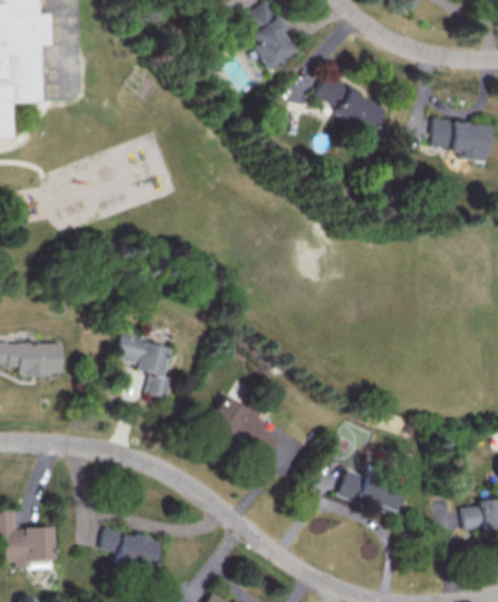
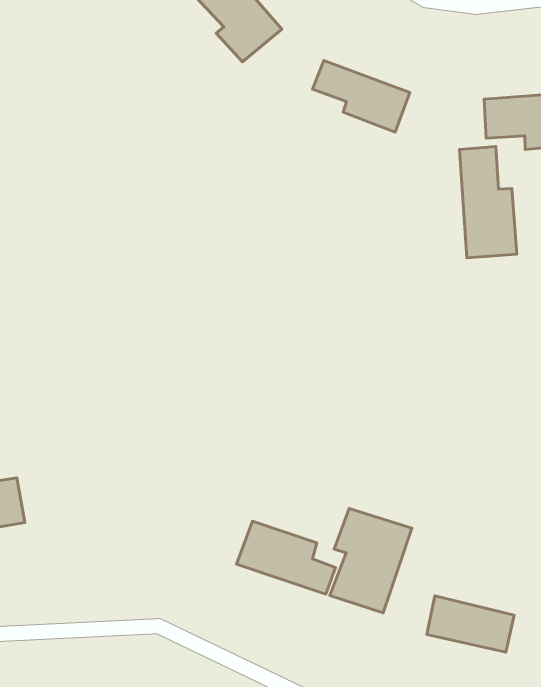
building: none -> [459,146,517,258]
building: [116,331,175,398] -> none
building: none -> [330,509,412,613]

